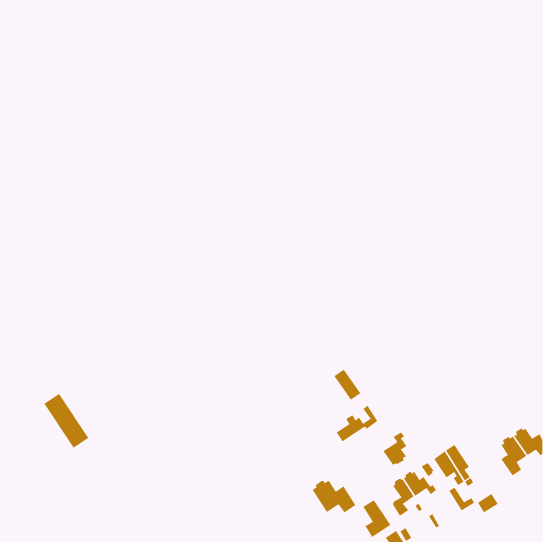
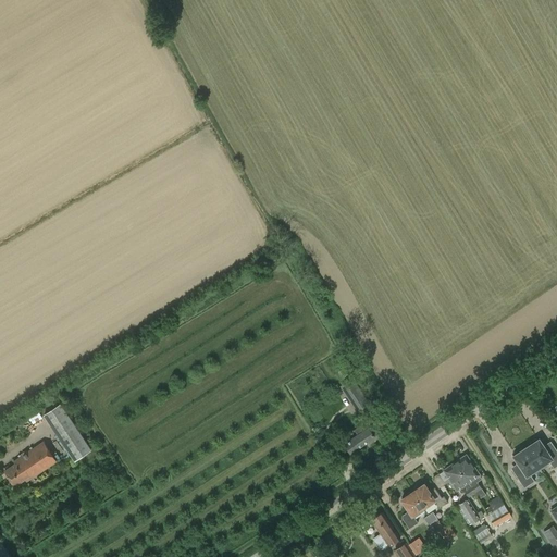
building: none -> [4,442,57,485]
building: [383,432,407,466] -> none
building: [312,480,356,513] -> none

